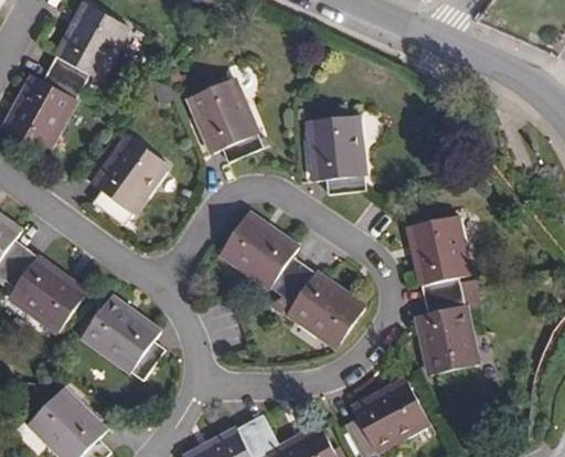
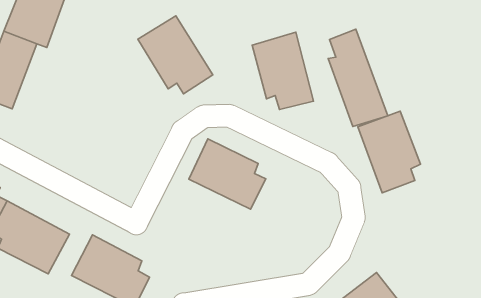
building: none -> [328,29,388,126]
building: [93,135,167,225] -> none
building: [281,265,364,347] -> none
building: [414,290,476,373] -> none

